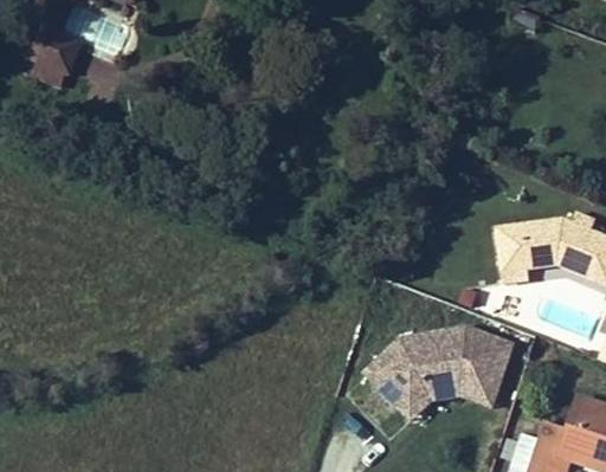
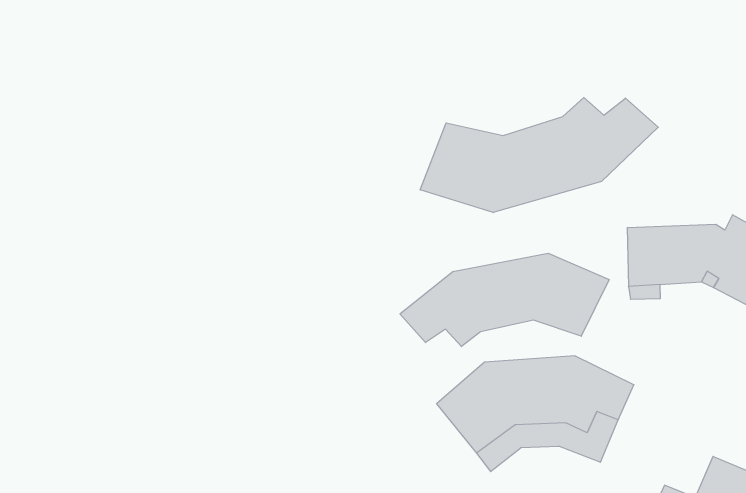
building: none -> [420,98,658,213]
building: none -> [400,253,609,347]

